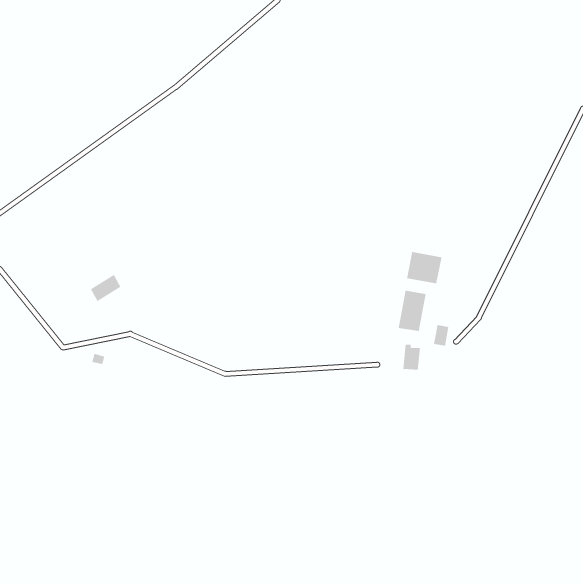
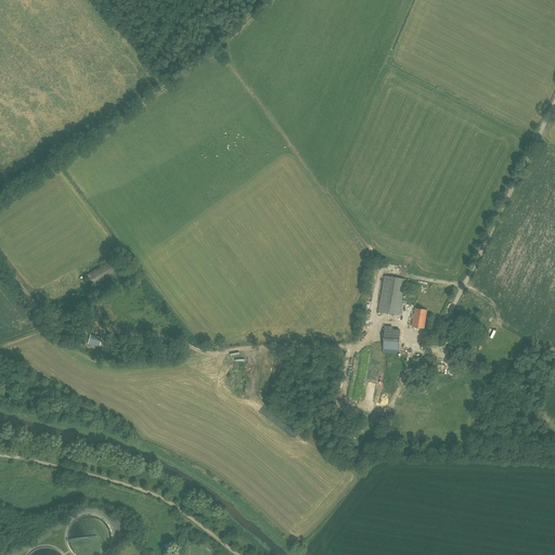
building: [406,251,442,284] -> none

